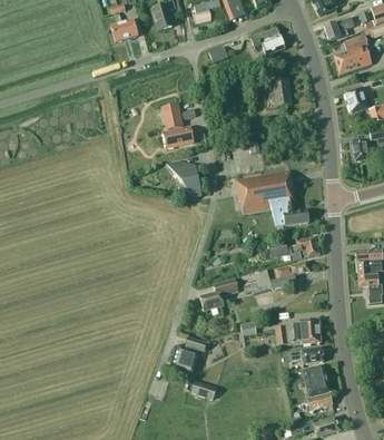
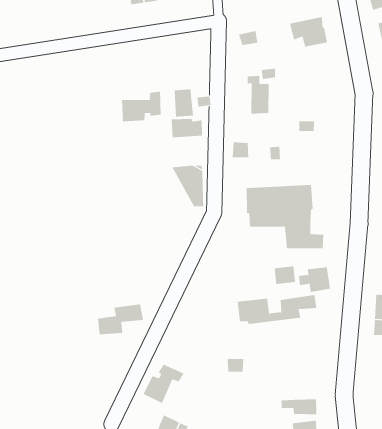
building: [268,72,292,106] -> [247,76,270,114]
building: none -> [122,91,161,122]
building: [200,277,239,309] -> [97,304,144,335]
building: [275,317,321,345] -> none

